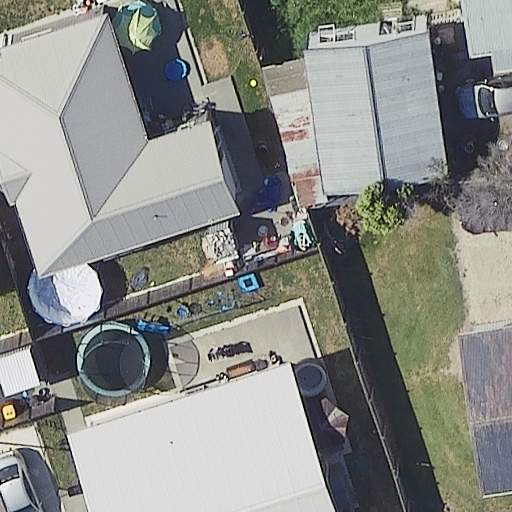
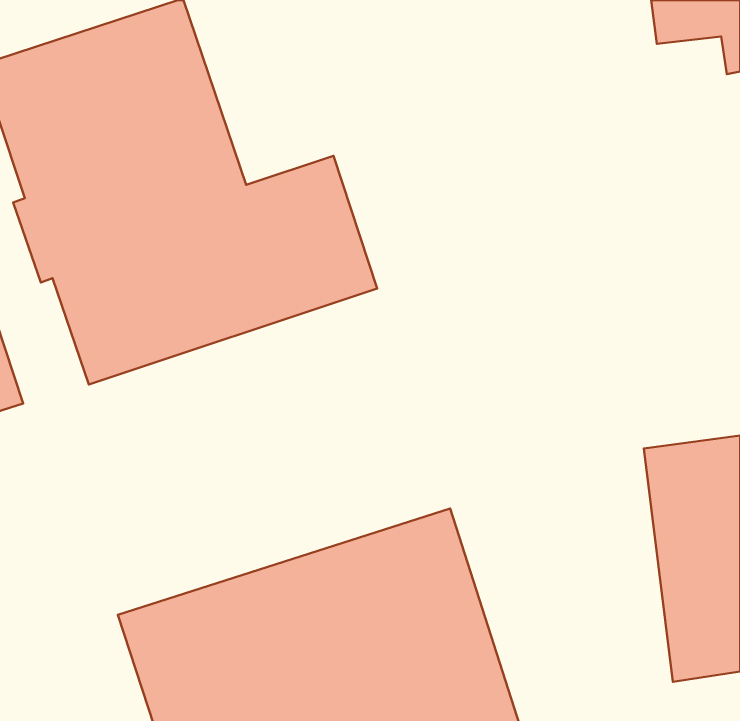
building: [287,22,428,185] -> none

